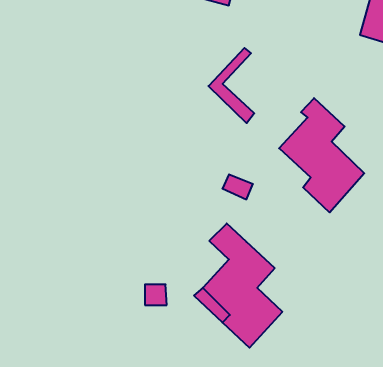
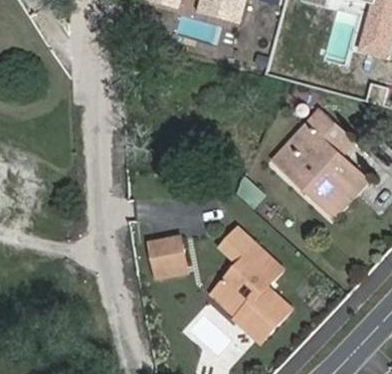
building: [208,48,254,123] -> [272,122,315,191]
building: none -> [150,238,186,278]

